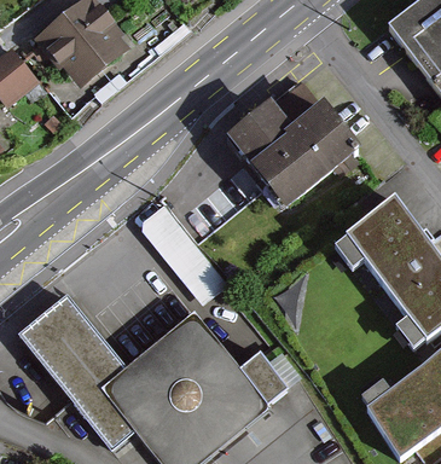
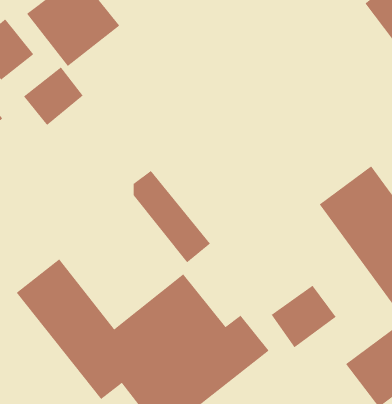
building: none -> [23,66,84,126]
building: [228,102,362,214] -> none
building: none -> [271,285,337,348]

